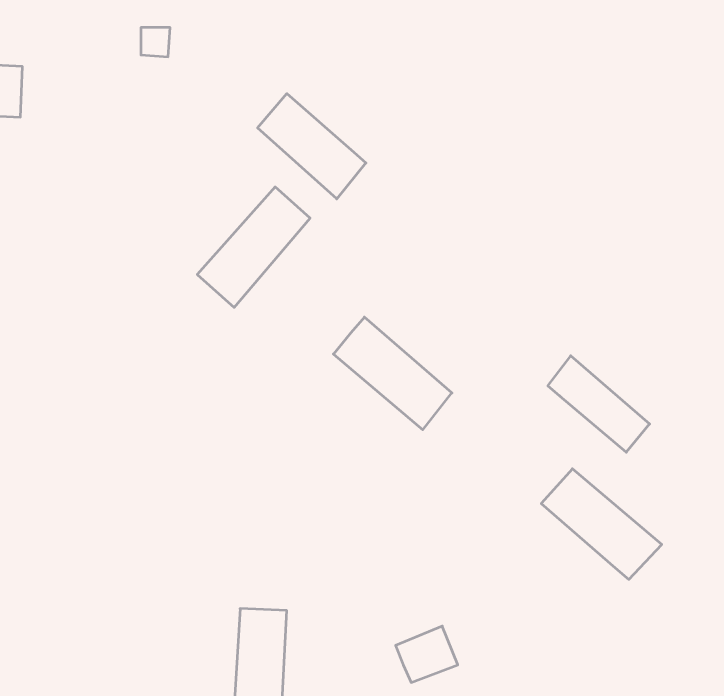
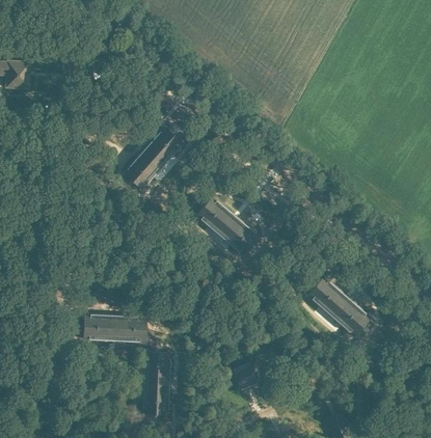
building: [258,94,366,199] -> none
building: [548,356,650,452] -> none
building: none -> [84,314,147,343]

